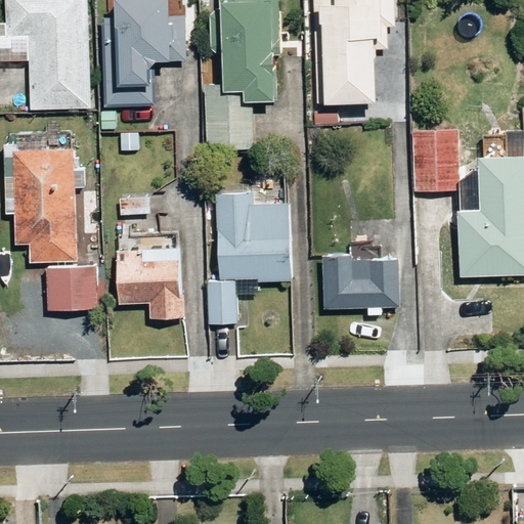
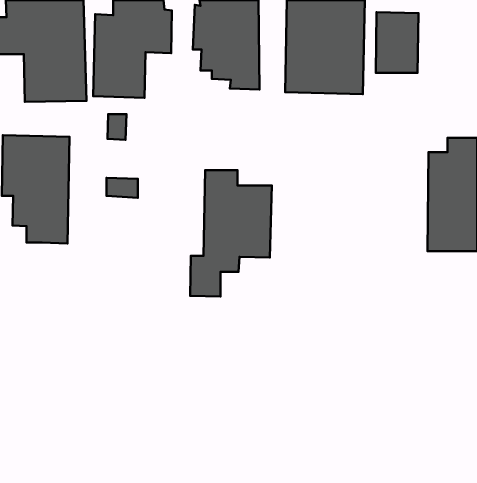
building: [412,126,458,191] -> [376,12,418,73]
building: [119,247,183,317] -> none
building: [319,254,399,315] -> none
building: [44,264,97,310] -> none

